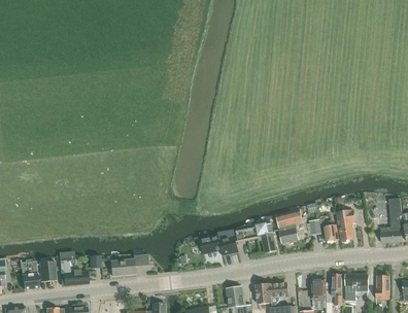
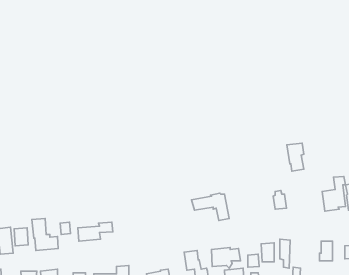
building: [275,208,302,243] -> none
building: [336,209,354,240] -> [287,143,304,171]
building: [200,236,237,255] -> none
building: [345,274,368,300] -> none

